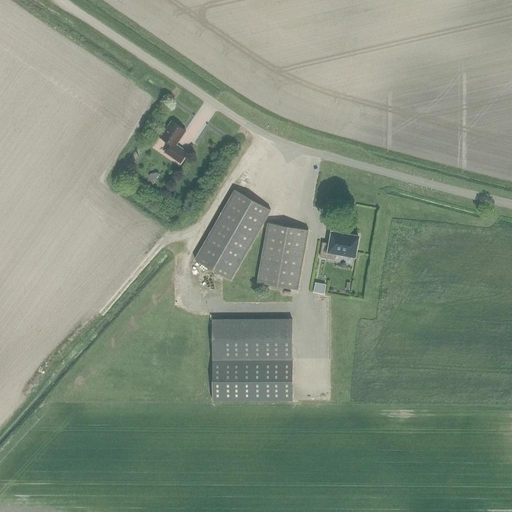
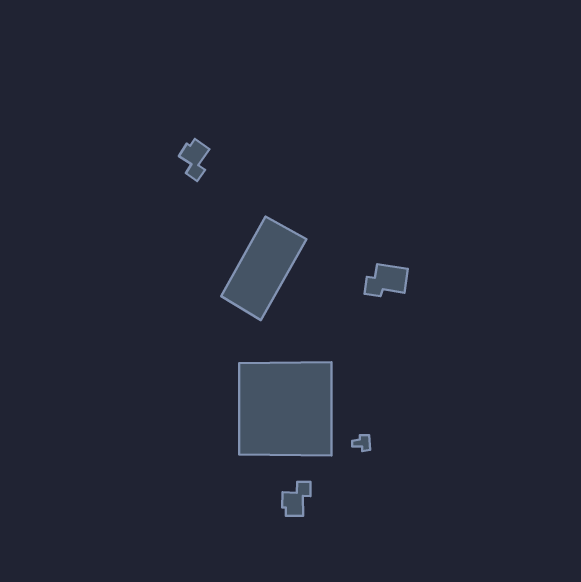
building: [257,223,308,290] -> none
building: none -> [282,482,311,516]

